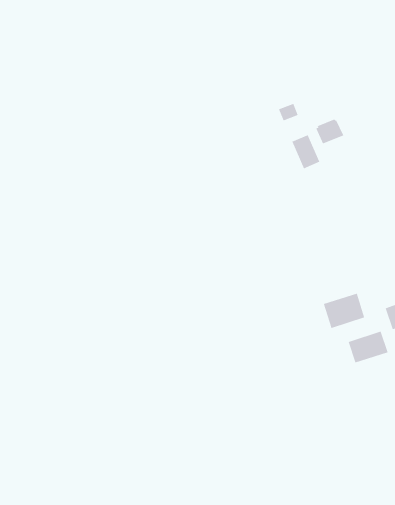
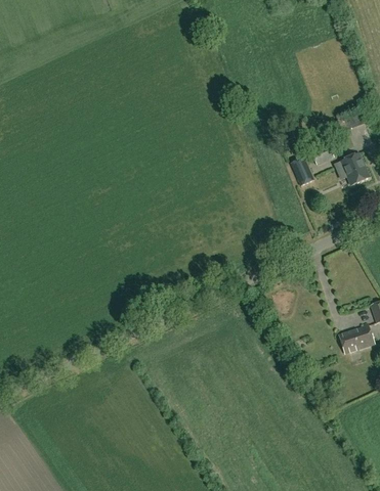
building: none -> [340,152,369,185]
building: [323,293,365,329] -> none

